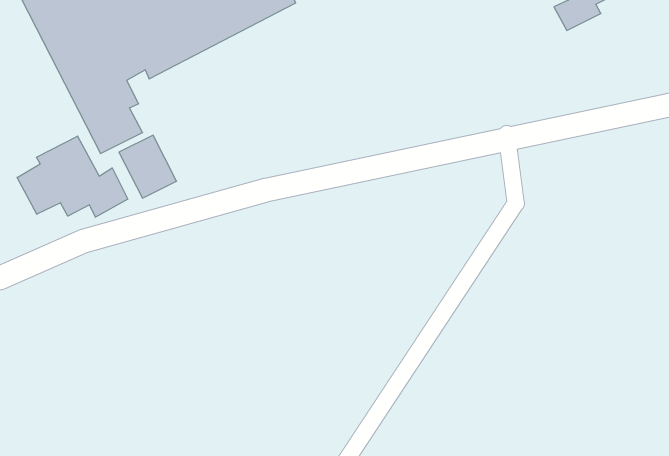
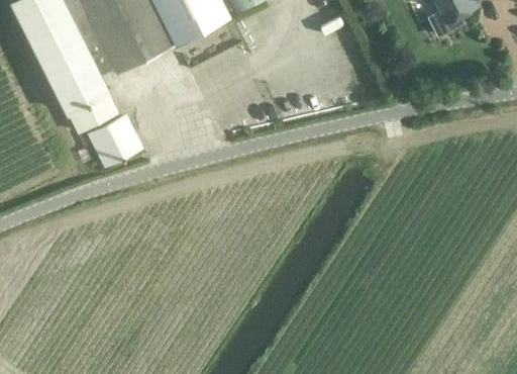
building: [17,136,128,217] -> none

